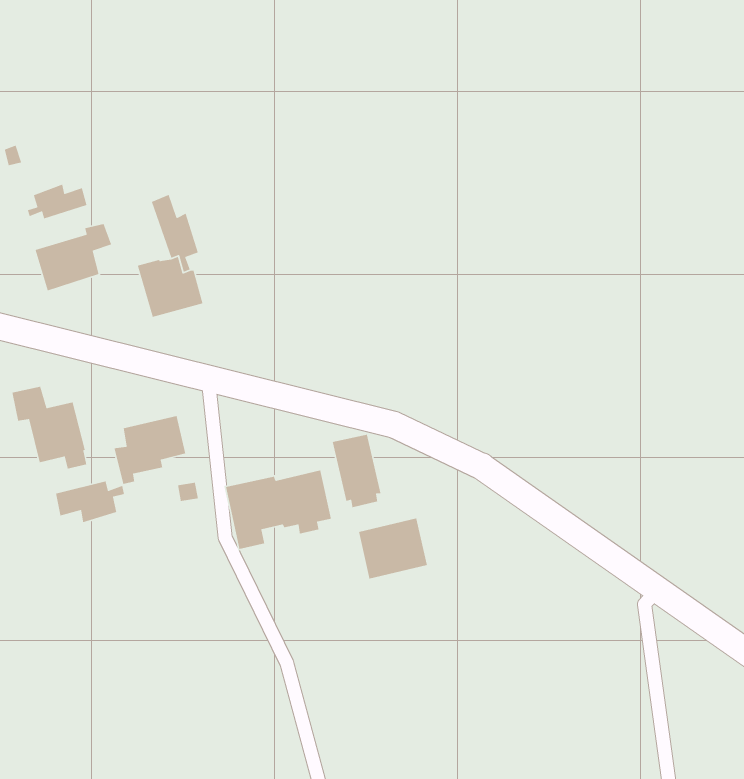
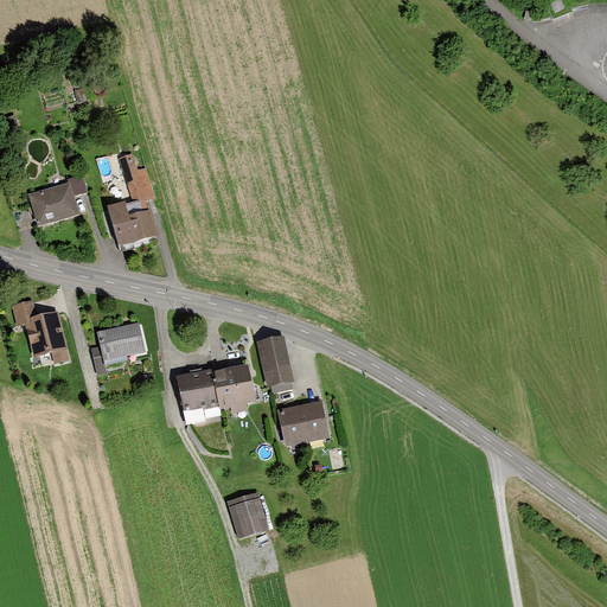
building: [27,184,88,220] -> none
building: [55,480,125,523] -> none
building: none -> [226,492,269,538]

